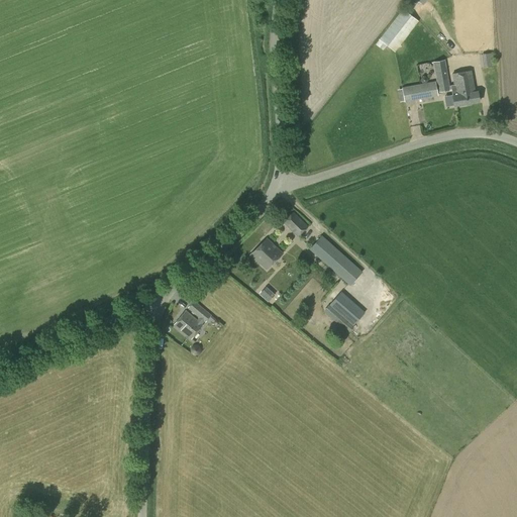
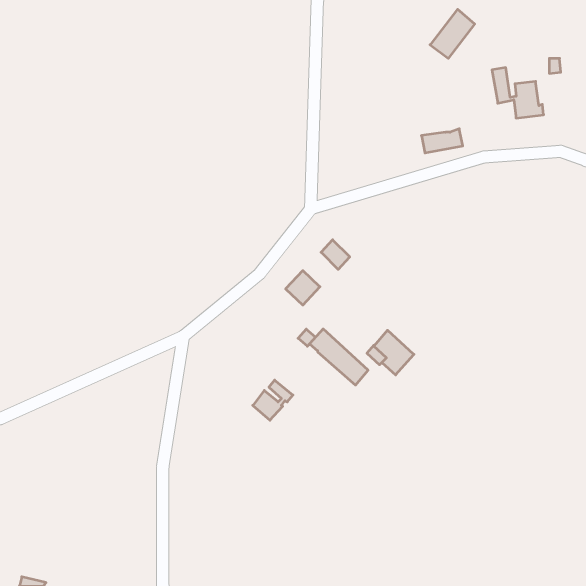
building: [402,81,438,102] -> [421,129,463,153]
building: [310,235,361,285] -> [310,329,368,385]
building: [176,302,211,337] -> [253,380,293,420]

